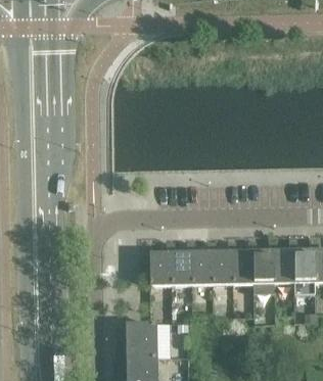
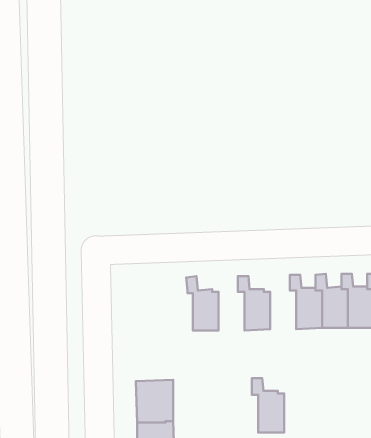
building: [225,241,250,284] -> [252,378,284,432]
building: [184,242,210,285] -> none
building: [139,253,169,286] -> none

